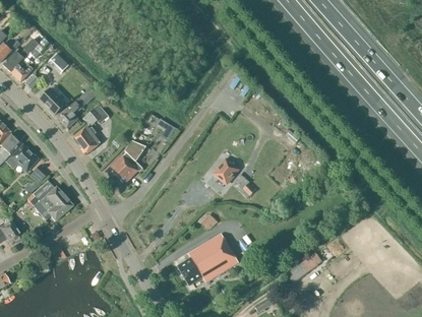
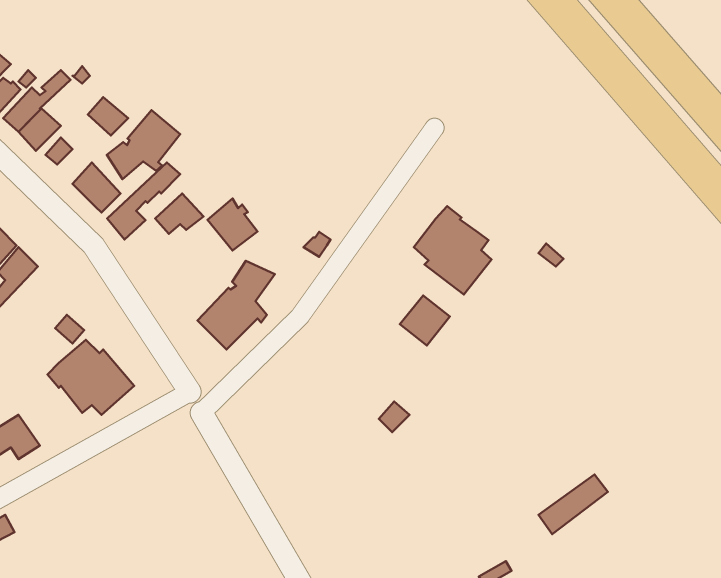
building: none -> [107,110,180,179]
building: none -> [414,206,492,294]
building: [74,125,101,152] -> [207,199,258,251]
building: [6,143,38,172] -> none
building: [177,233,238,284] -> none

